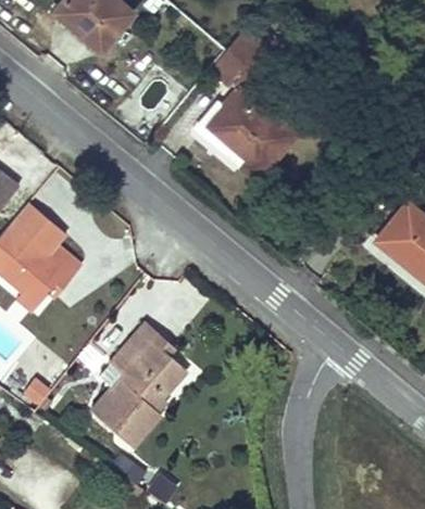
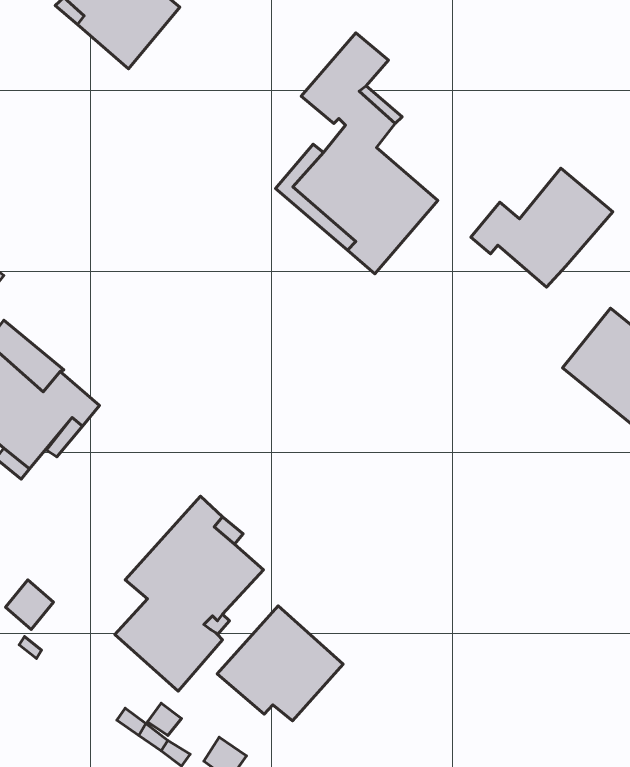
building: none -> [471,168,613,287]
building: none -> [217,606,343,721]

